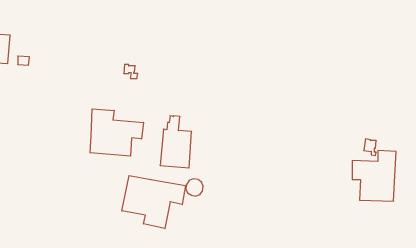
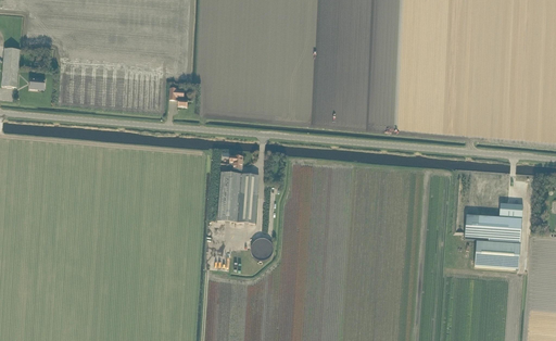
building: [90,109,143,156] -> none
building: [122,176,186,229] -> none

